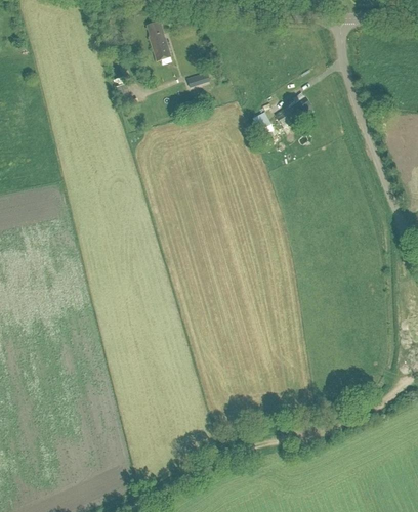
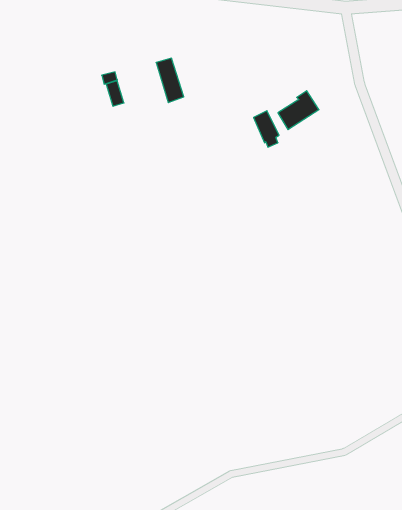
building: [144,19,170,60] -> [156,58,184,103]

